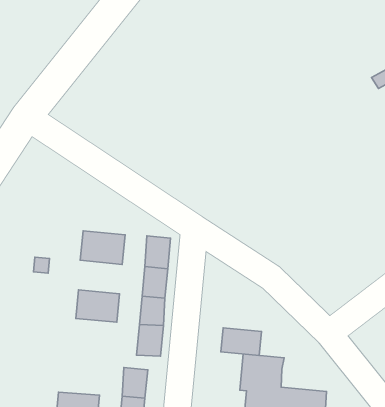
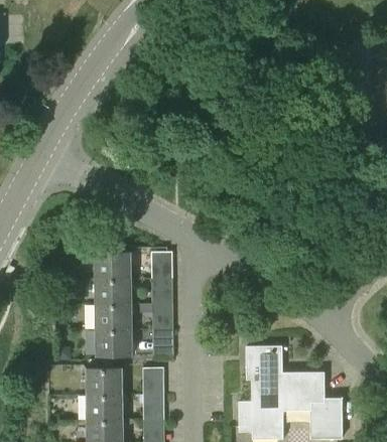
building: none -> [95,279,132,305]
building: none -> [96,330,133,357]
building: [221,328,261,355] -> none
building: none -> [86,369,123,397]

